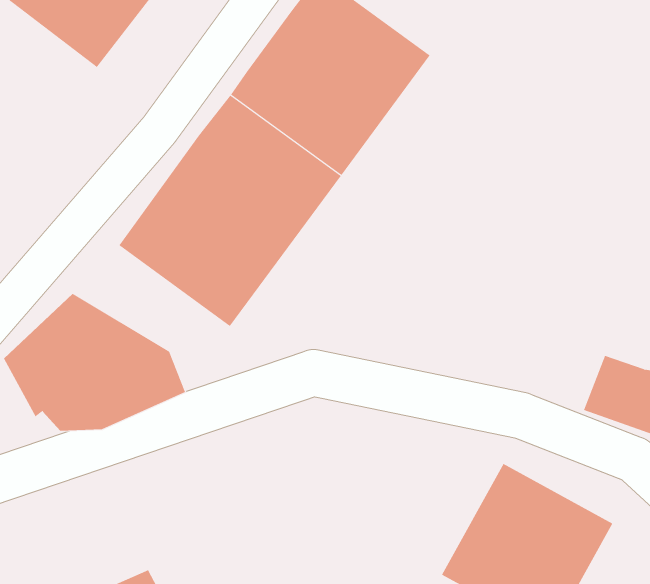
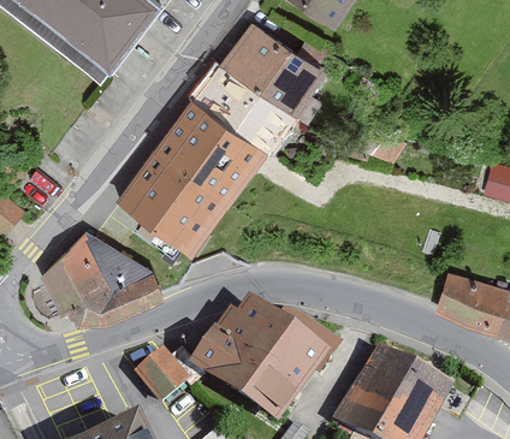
building: none -> [188,310,331,420]
building: none -> [135,351,189,405]

